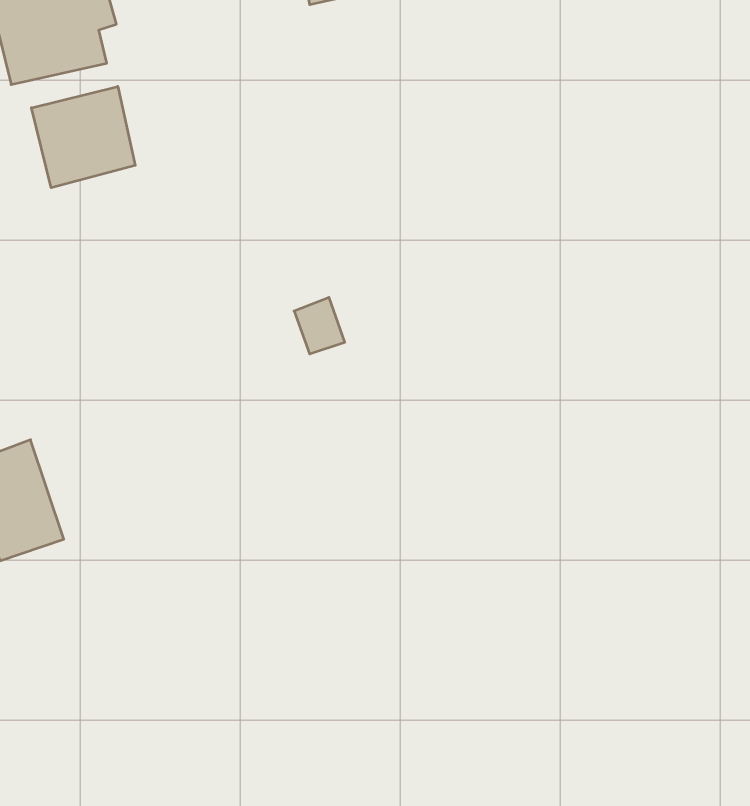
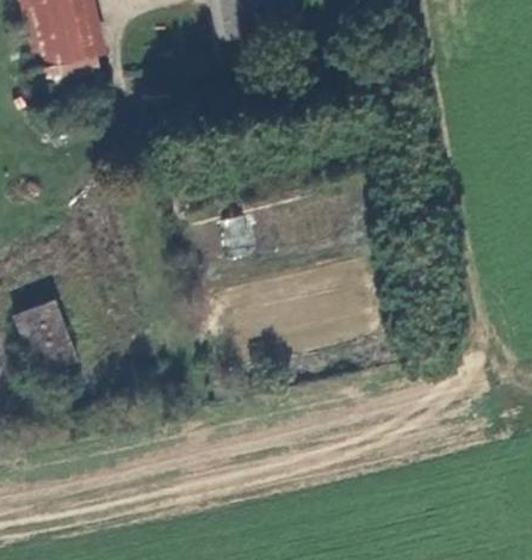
building: [31,86,135,188] -> none

